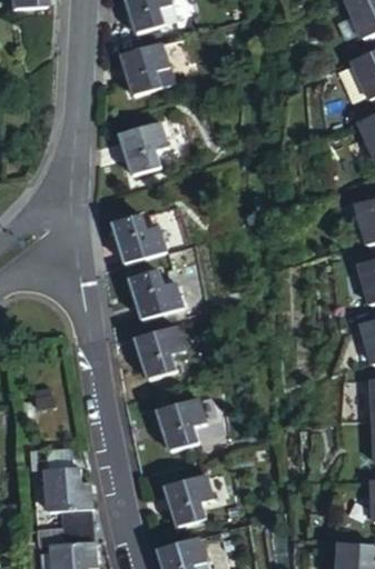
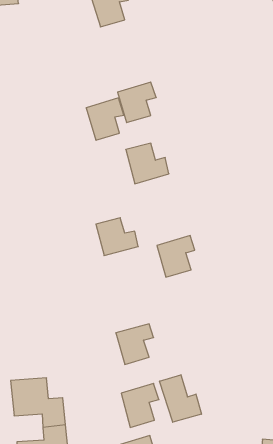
building: [125,43,172,93] -> [118,82,156,123]
building: [117,212,170,262] -> [126,143,169,184]
building: [137,329,184,380] -> [157,236,195,277]
building: none -> [160,375,201,422]

